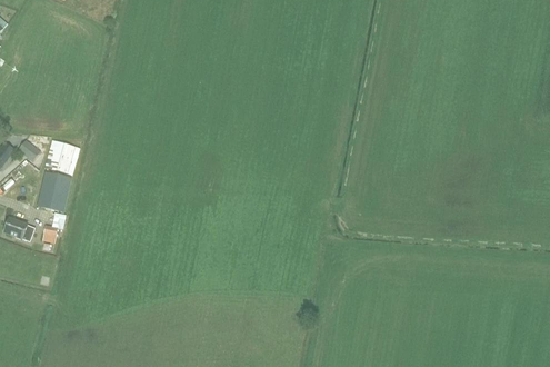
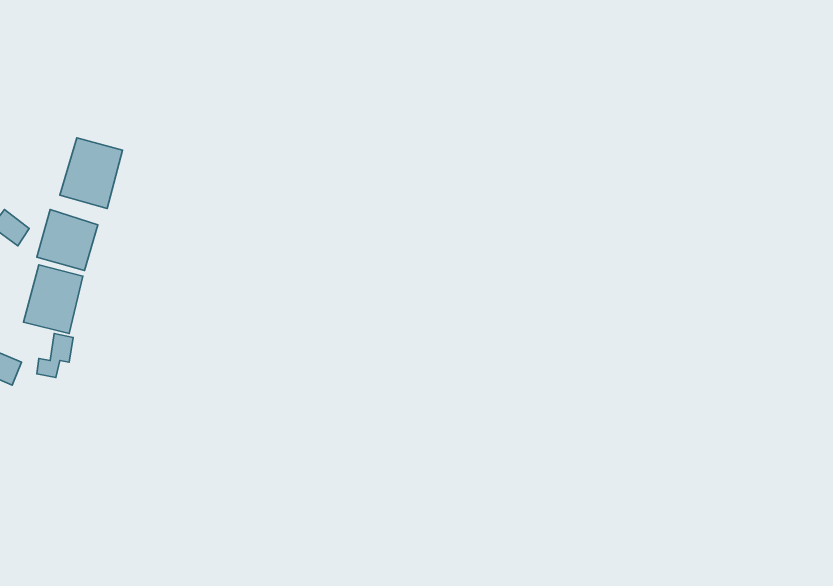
building: none -> [60,138,123,208]

